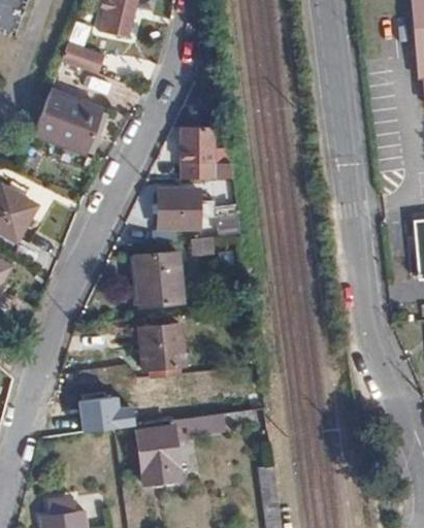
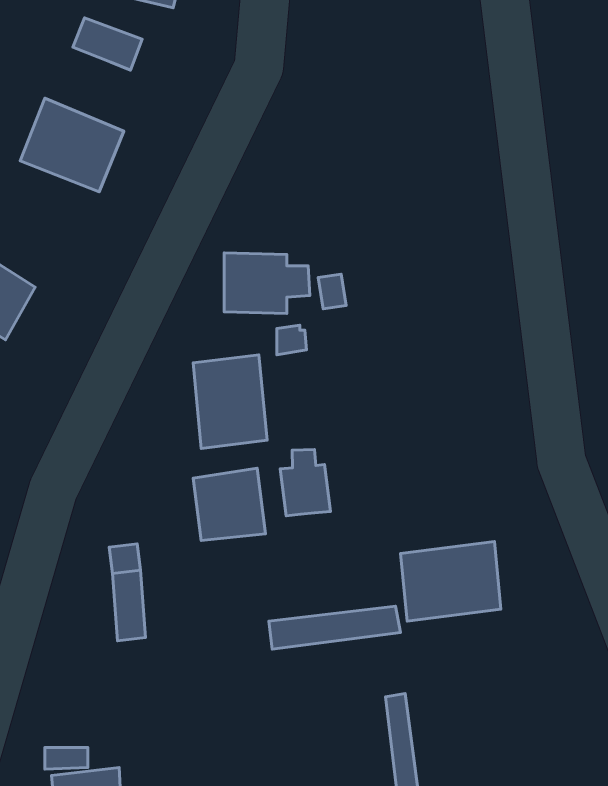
building: [181,125,233,176] -> none
building: none -> [280,449,330,516]
building: none -> [401,542,501,621]
building: [139,428,178,481] -> none

